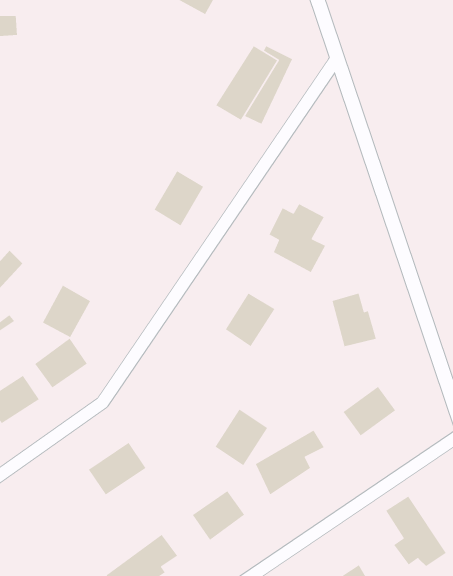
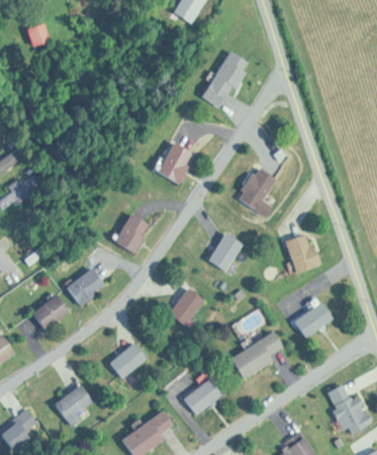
building: [42,284,91,338] -> [114,213,151,253]
building: [215,408,268,466] -> [166,285,205,328]
building: none -> [53,384,93,428]

